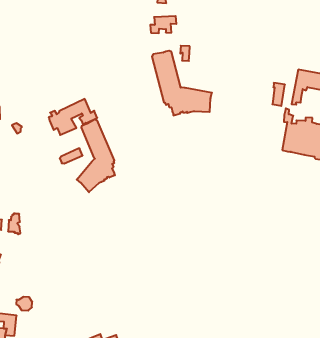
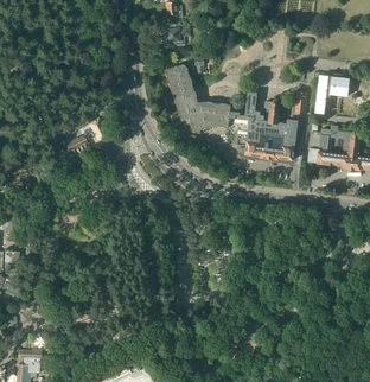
building: none -> [230,93,298,160]
building: [77,119,115,192] -> none

